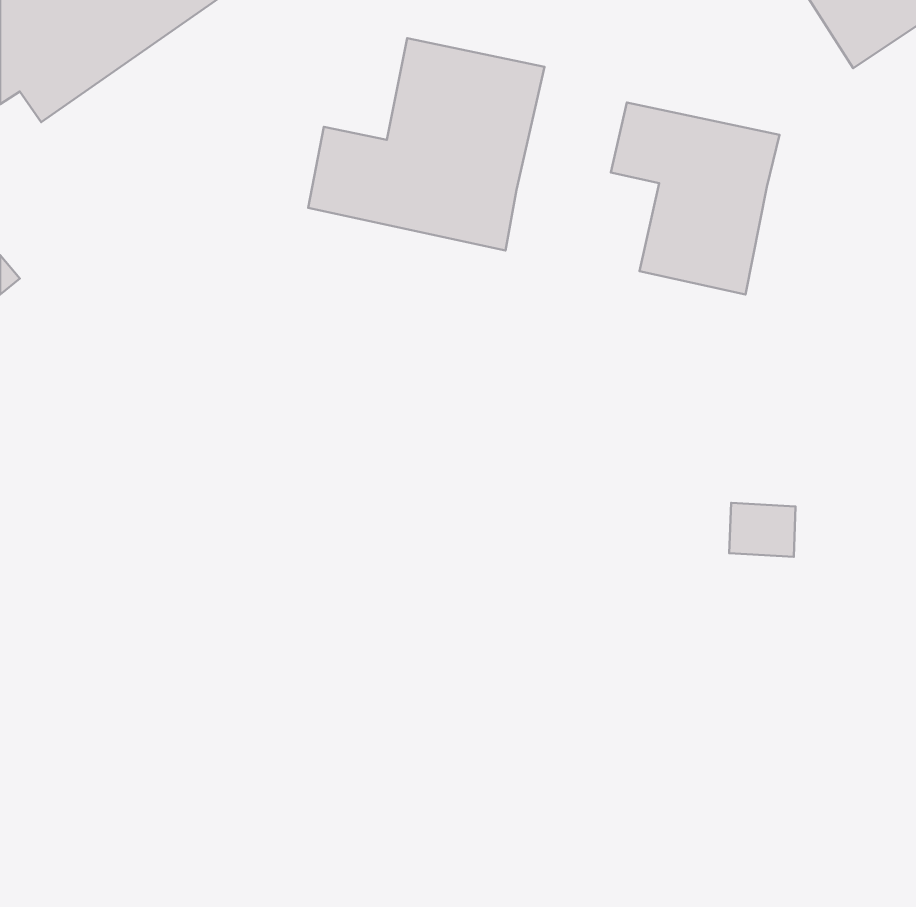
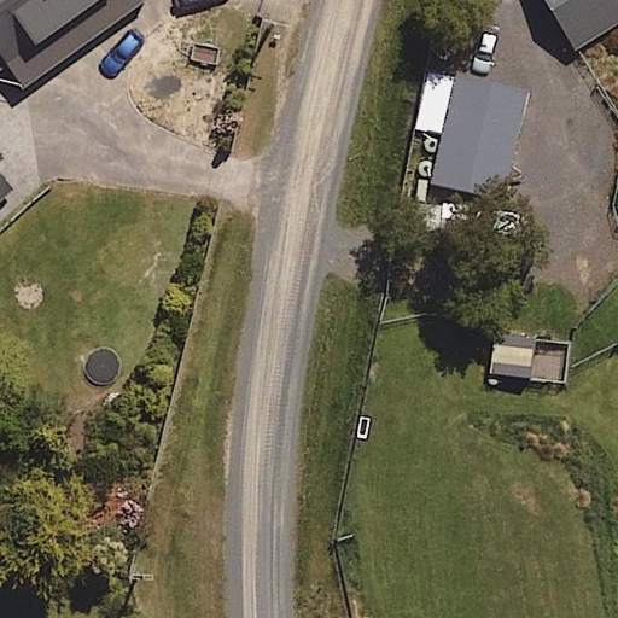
building: [308,38,545,250] -> none

